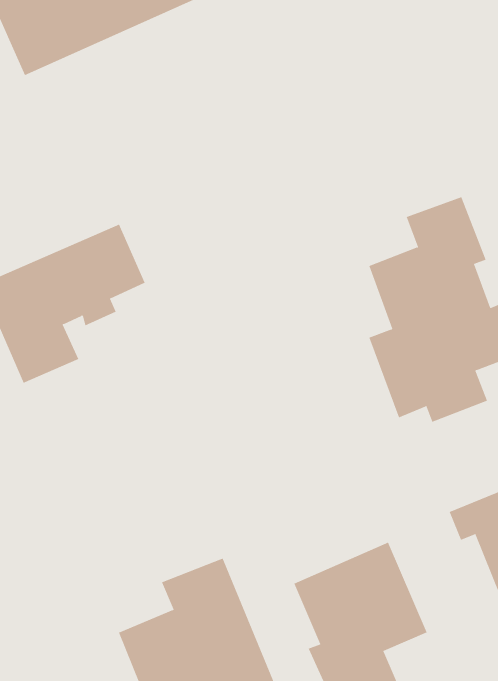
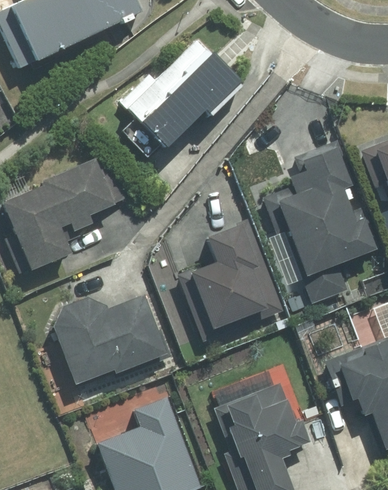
building: none -> [119,39,238,159]
building: none -> [183,226,269,336]
building: none -> [51,297,167,385]

